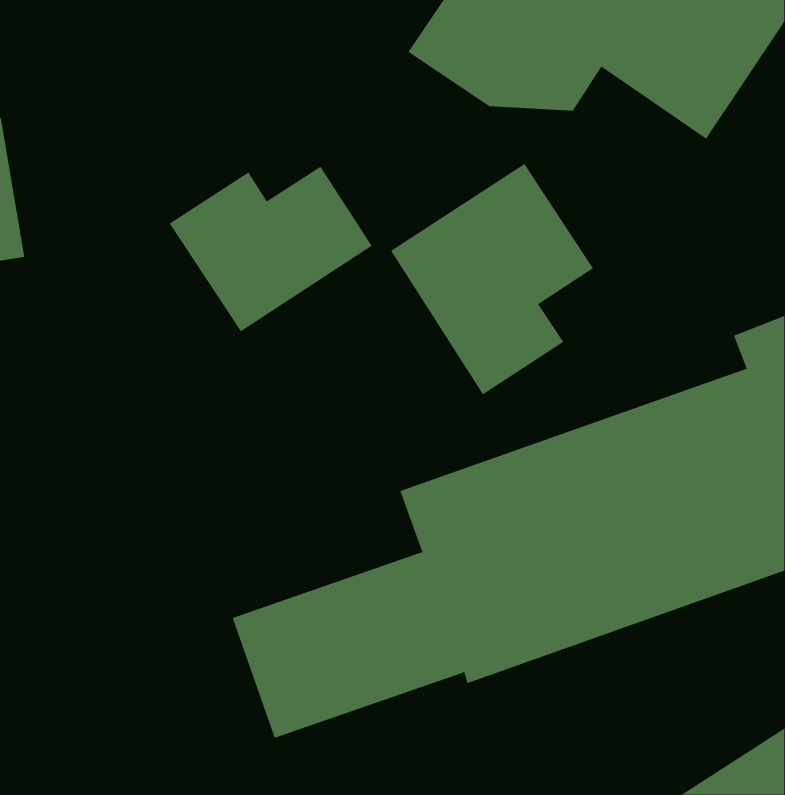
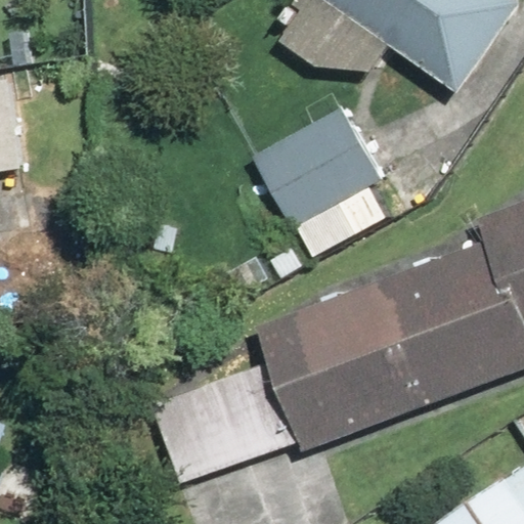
building: [169,166,373,332] -> none

